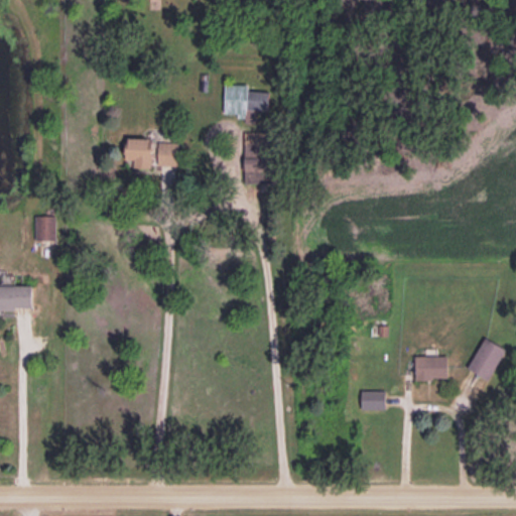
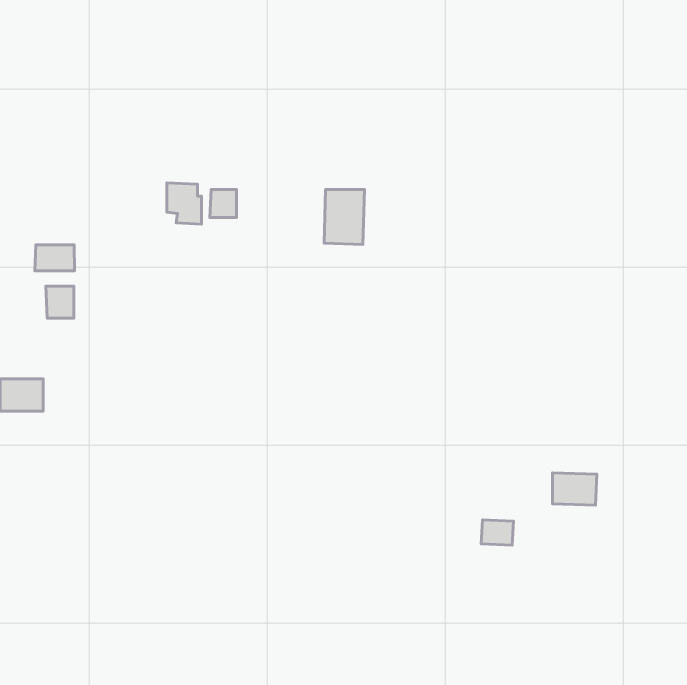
building: [224,85,268,117] -> none
building: none -> [35,245,75,271]
building: [468,339,505,381] -> none

